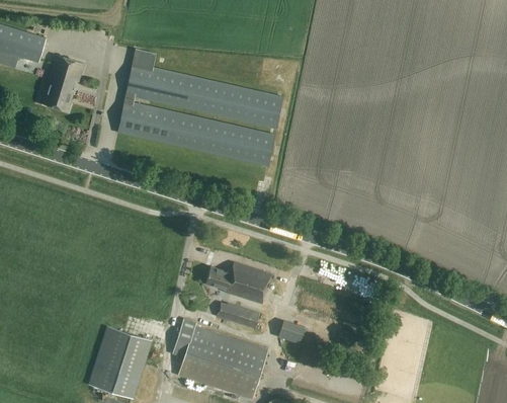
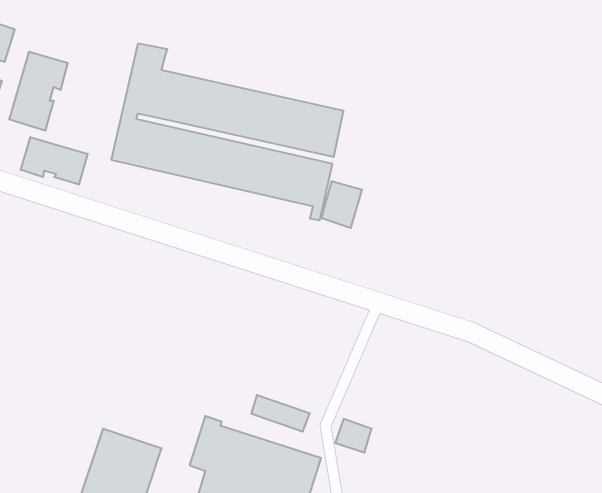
building: none -> [21,137,88,185]
building: none -> [321,181,362,228]
building: [205,262,271,303] -> none

